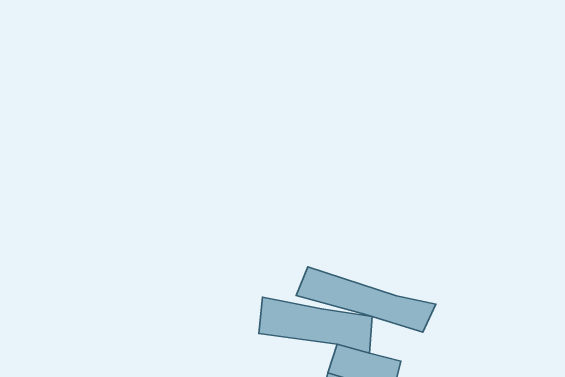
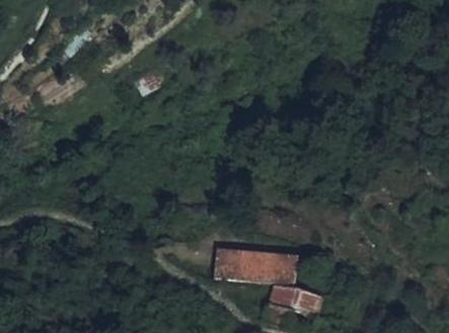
building: [296,267,436,332] -> none

